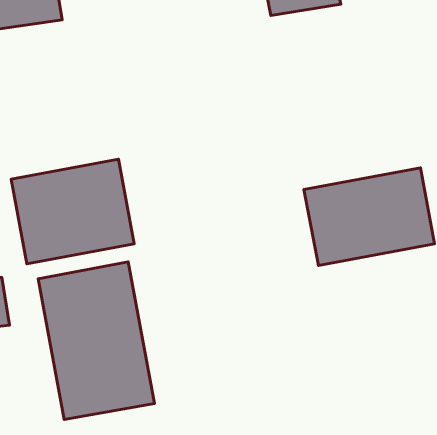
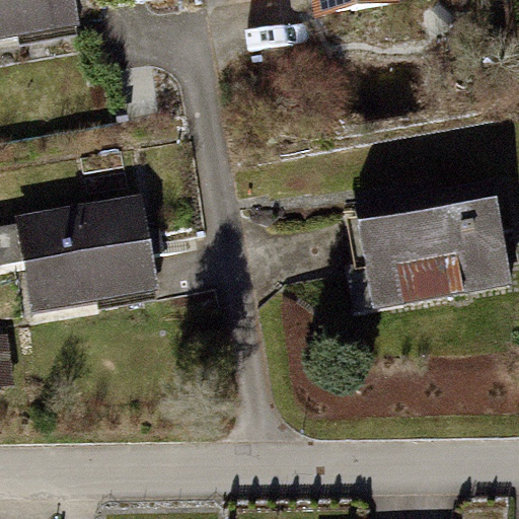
building: [38,262,155,419] -> none

